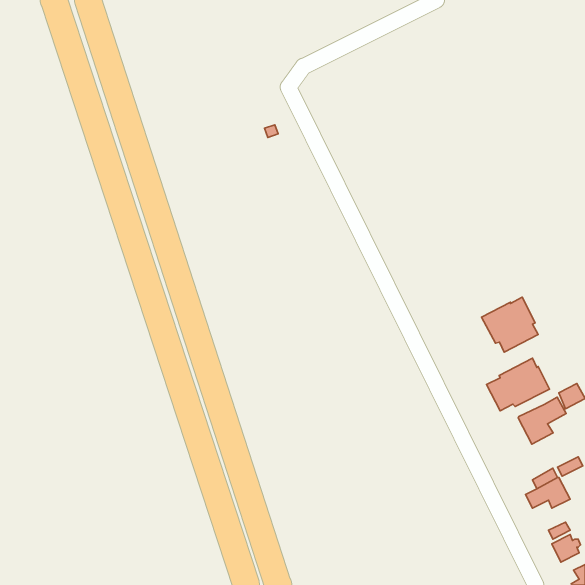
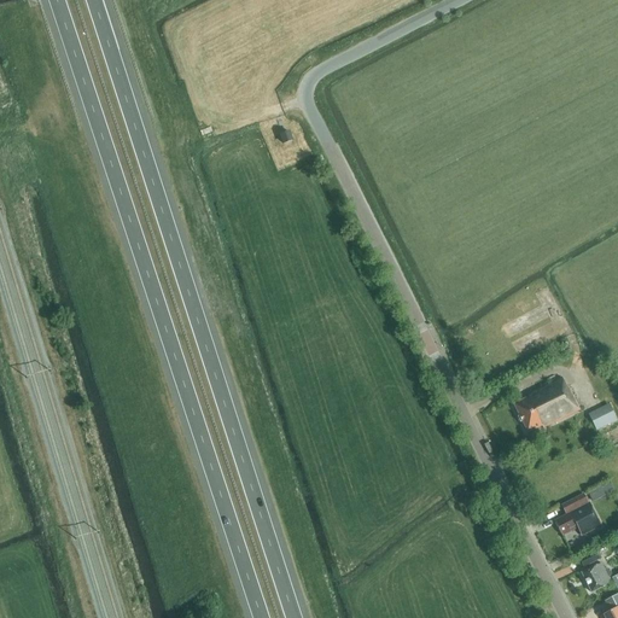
building: [482,297,538,352] -> none
building: [518,397,566,444] -> none

